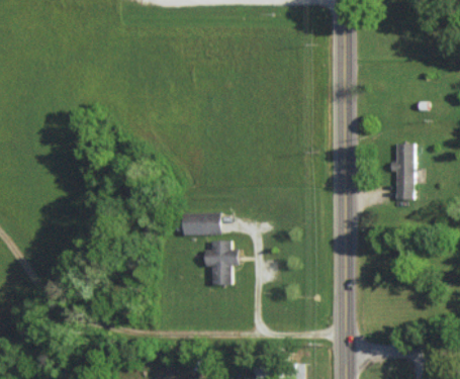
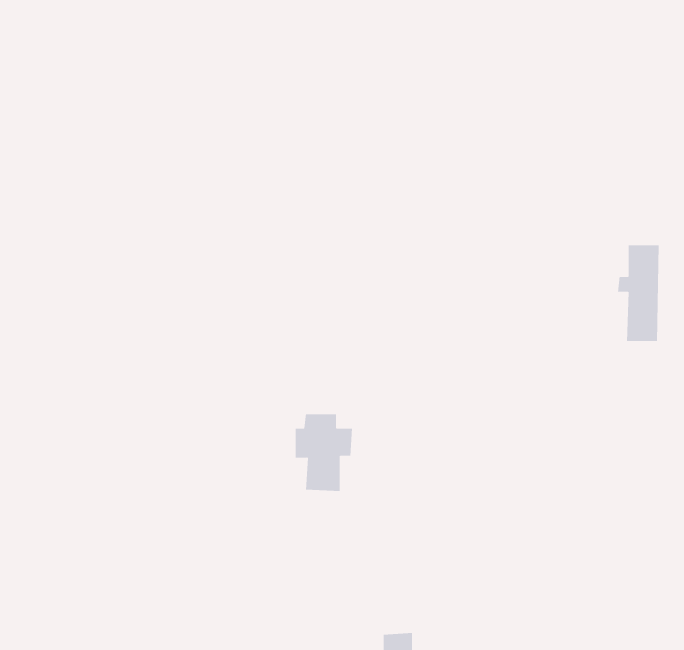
building: [182,212,219,236] -> none

